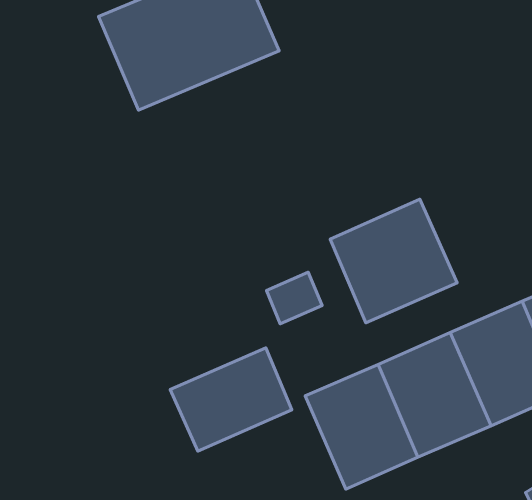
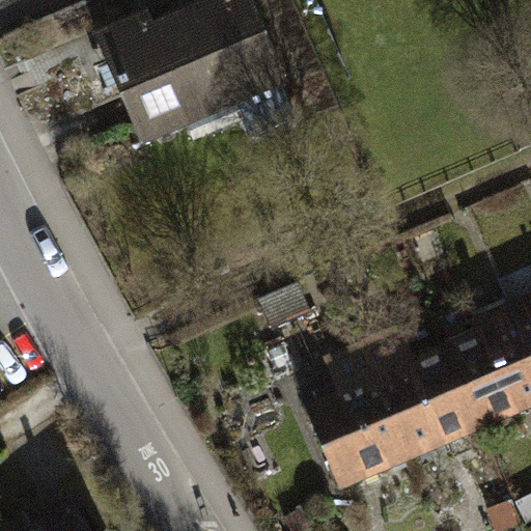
building: [330,199,457,323] -> none
building: [170,348,292,451] -> none

